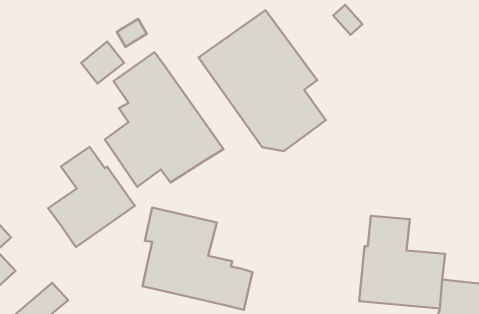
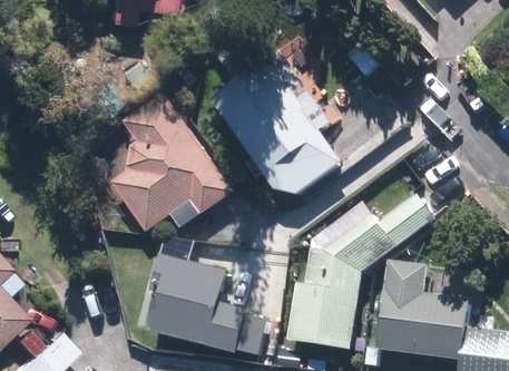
building: [48,147,135,247] -> none
building: none -> [287,194,434,350]

